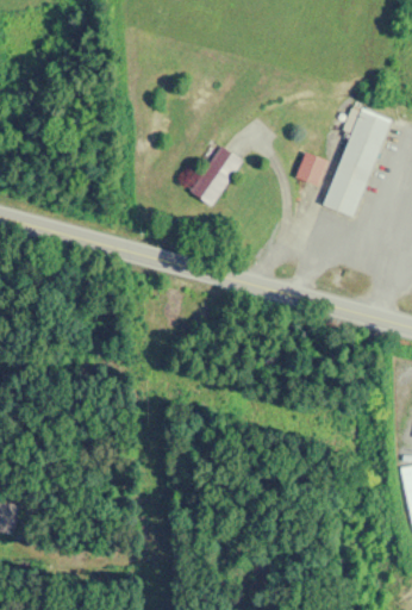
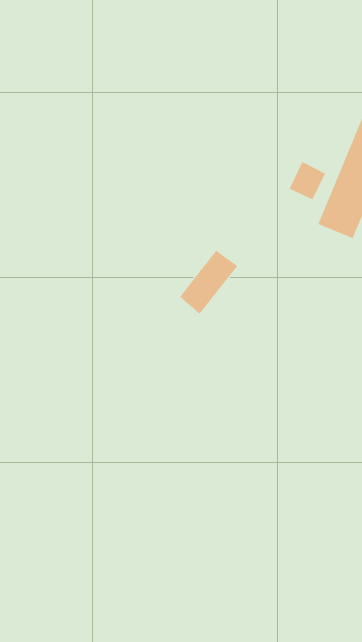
building: [191,145,242,205] -> [179,250,238,314]

